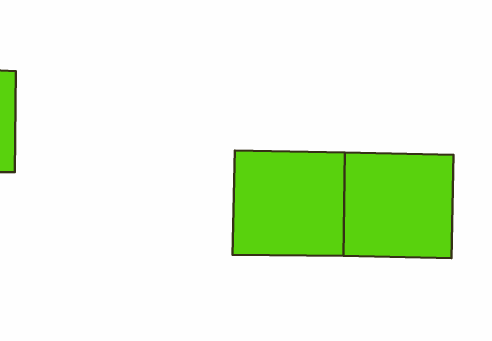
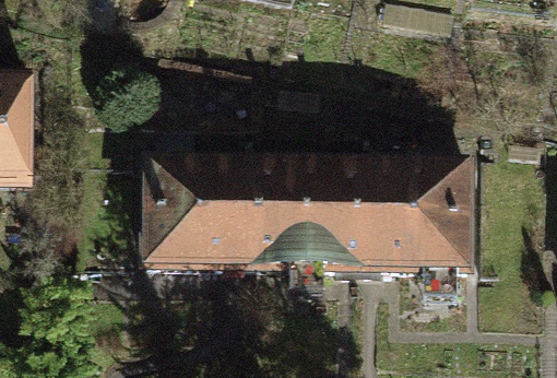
building: none -> [140,154,251,261]

